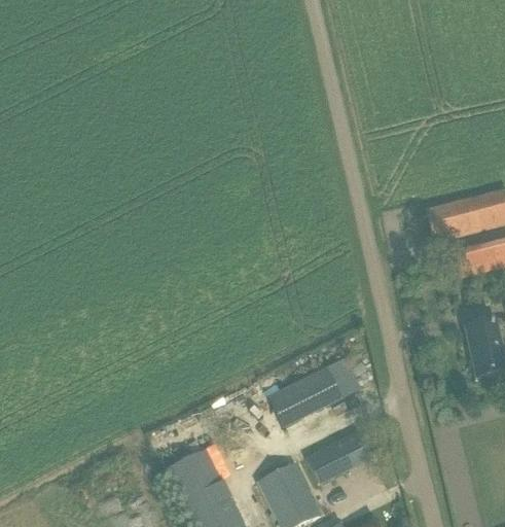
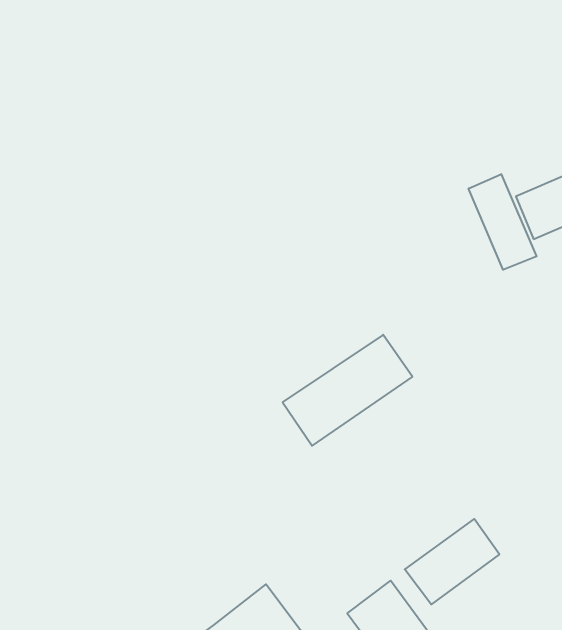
building: none -> [469,174,537,270]
building: [268,358,362,427] -> [283,335,412,446]

